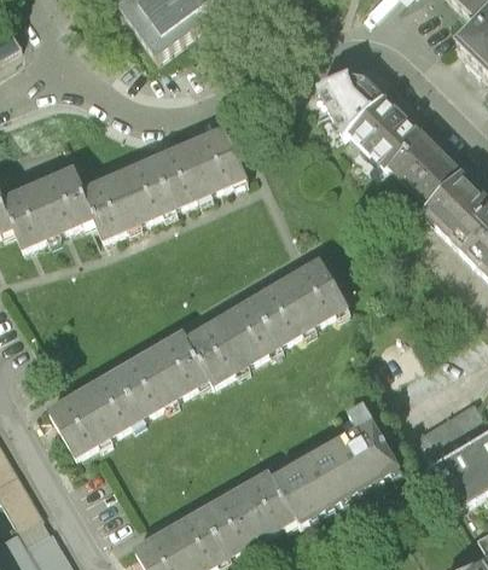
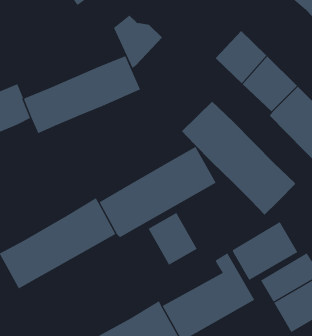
building: [315,62,384,136] -> [113,15,163,69]
building: none -> [181,101,296,215]
building: none -> [148,212,198,266]
building: none -> [232,221,298,281]

